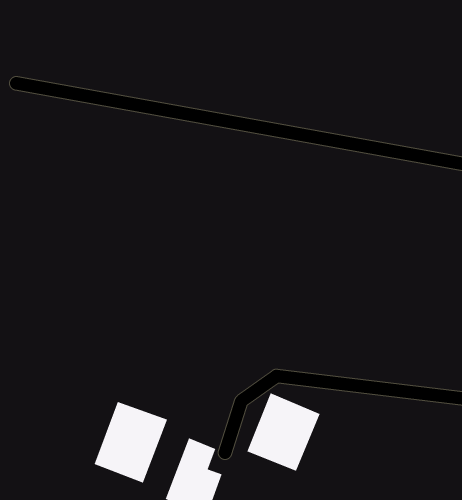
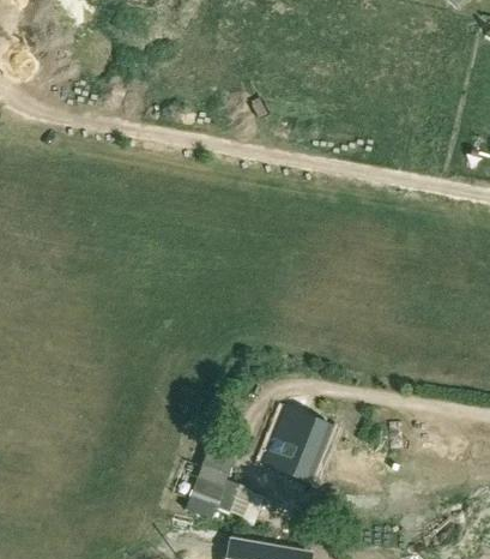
building: [94,401,168,484] -> none

